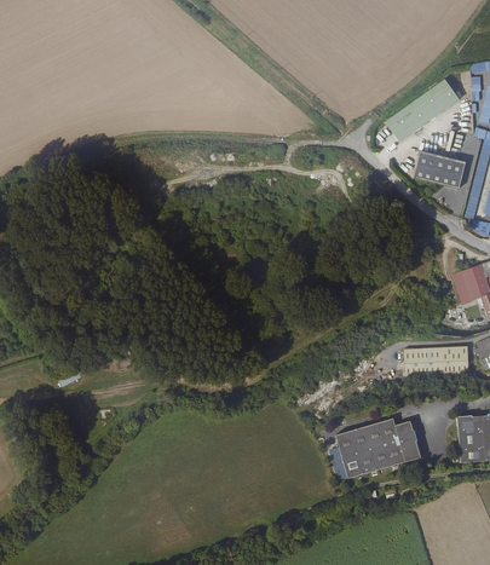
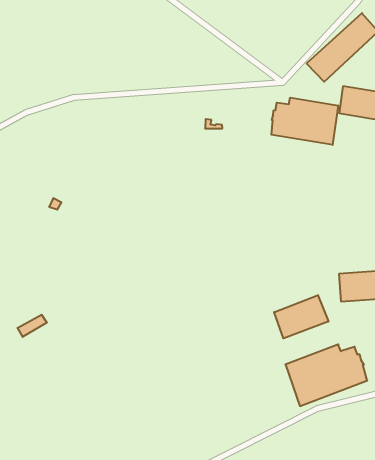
building: none -> [271,98,338,145]
building: none -> [274,295,328,338]

